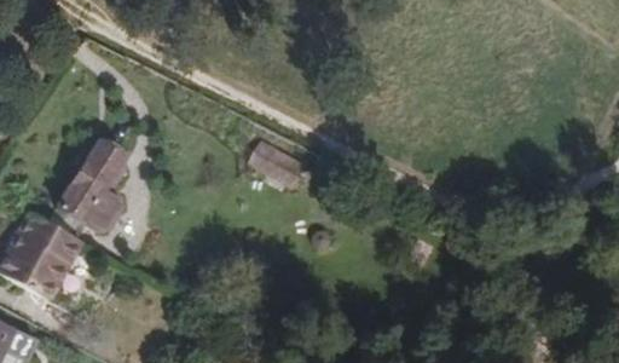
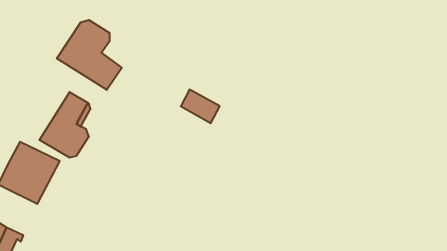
building: none -> [57,20,122,90]

